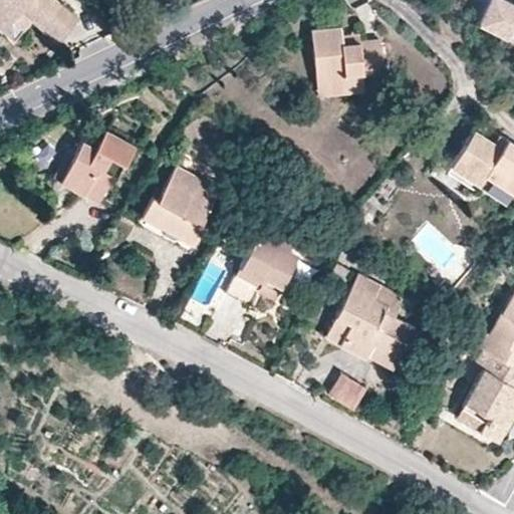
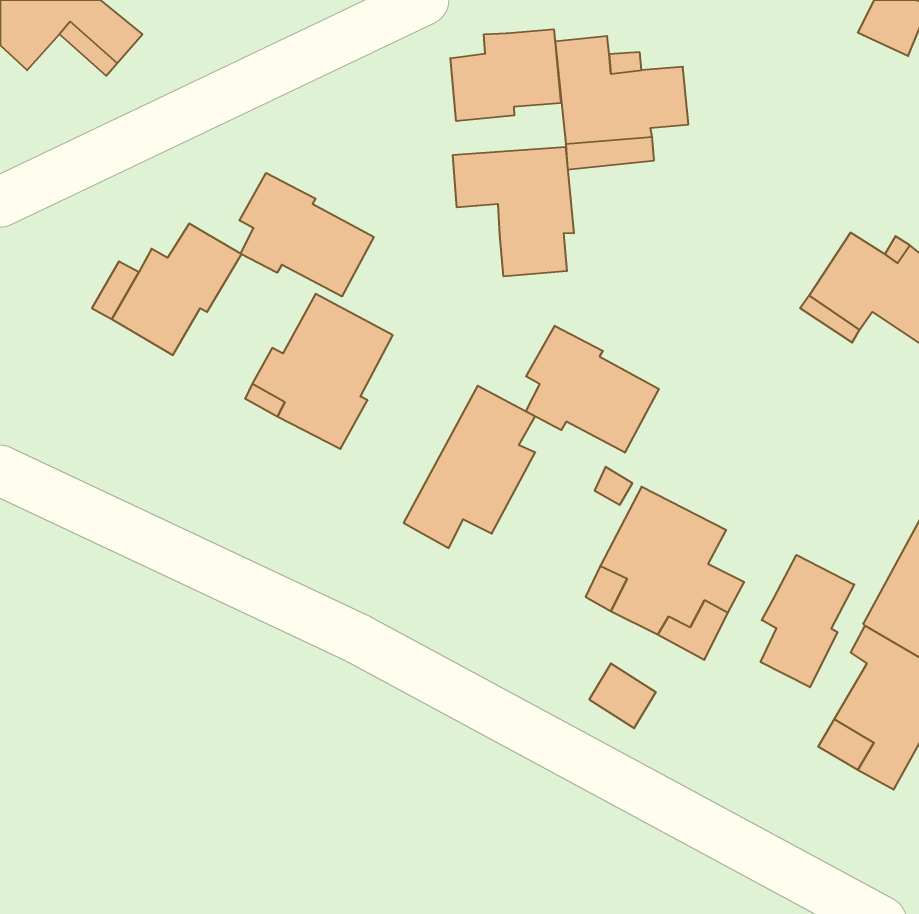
building: none -> [450,29,561,121]
building: none -> [453,147,574,276]
building: none -> [239,173,374,296]
building: none -> [526,326,659,453]
building: none -> [761,555,854,687]

